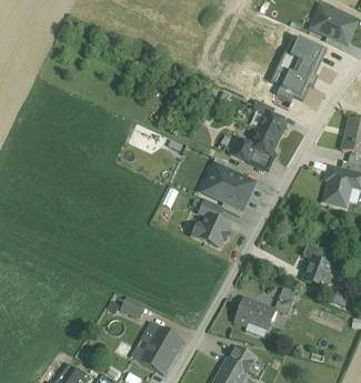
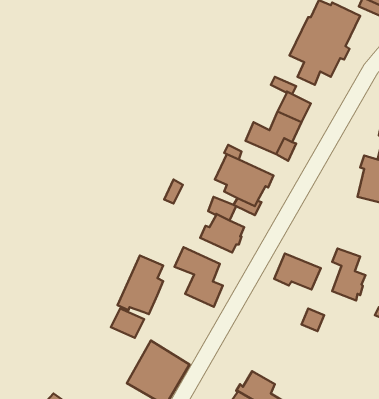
building: none -> [175,247,223,307]
building: none -> [118,255,163,314]
building: [238,296,277,326] -> [274,254,321,289]

